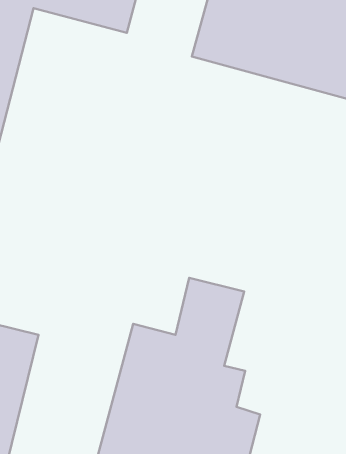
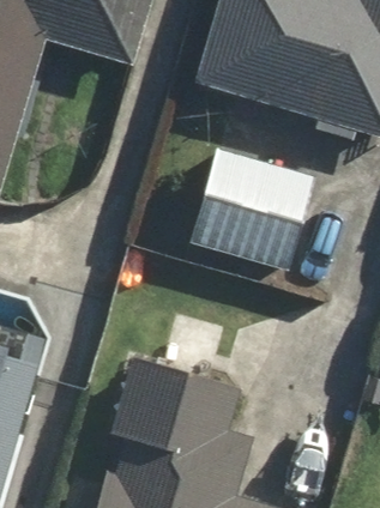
building: none -> [182,144,319,277]

